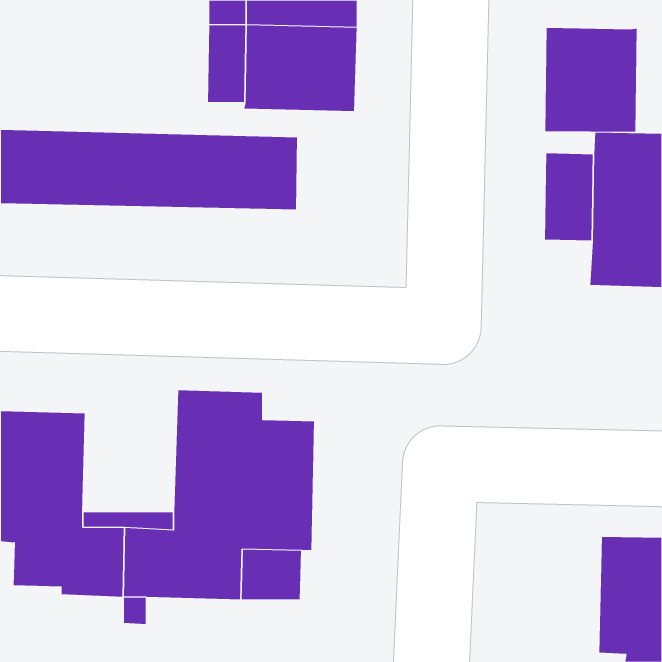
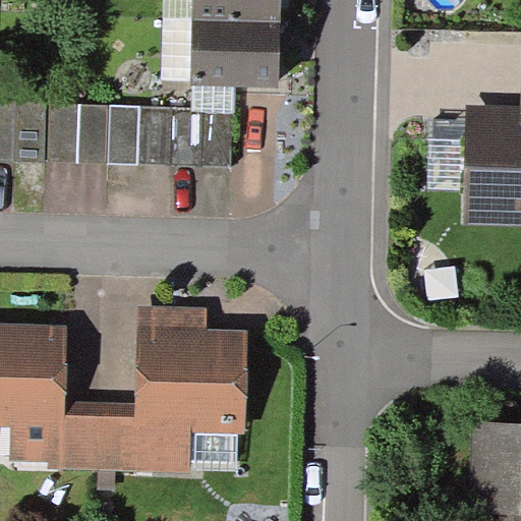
building: [545,27,637,132] -> none

